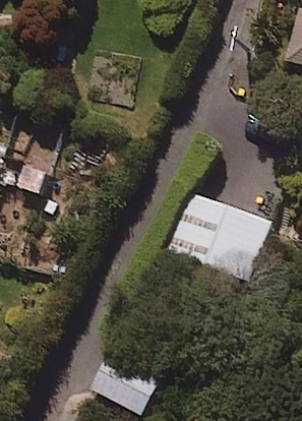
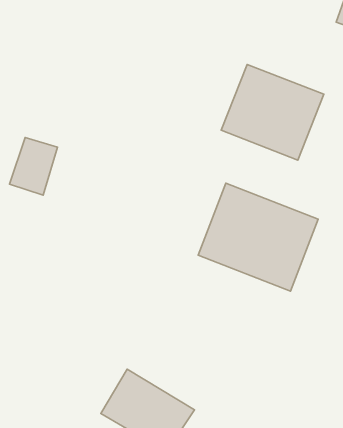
building: none -> [221,64,324,160]

